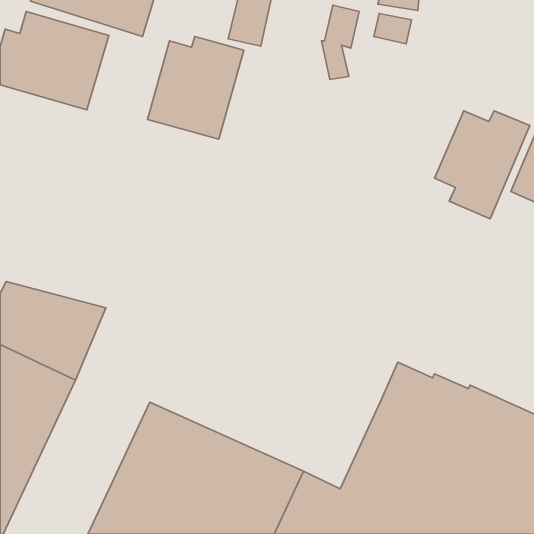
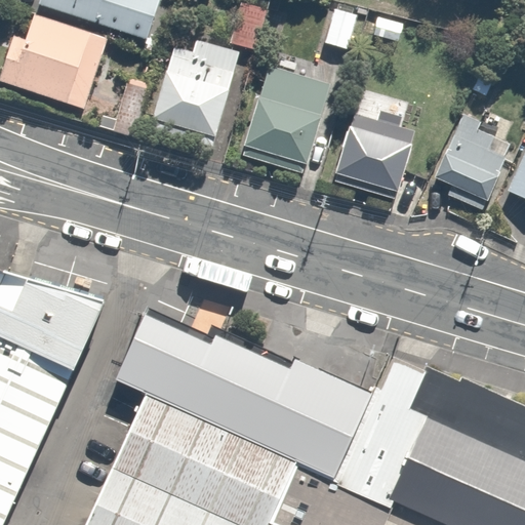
building: none -> [236,65,335,173]
building: none -> [325,107,411,199]
building: none -> [118,316,373,479]

